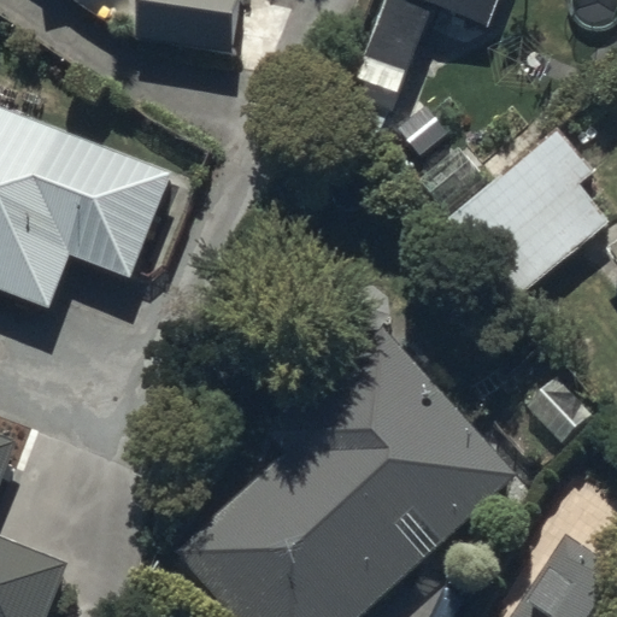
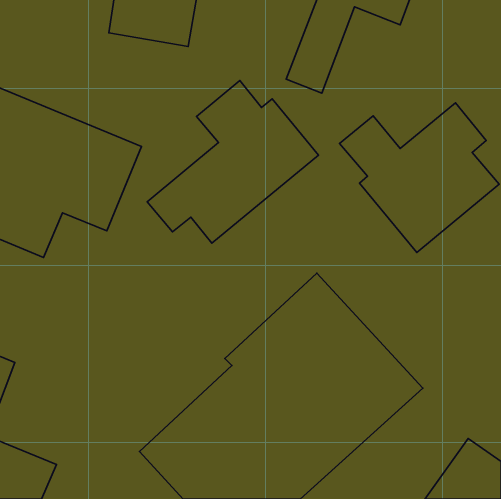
building: none -> [147,80,319,243]

